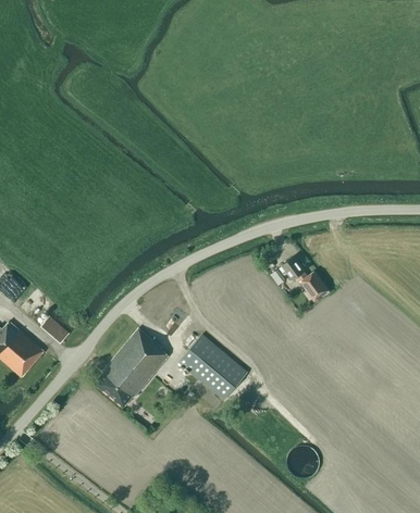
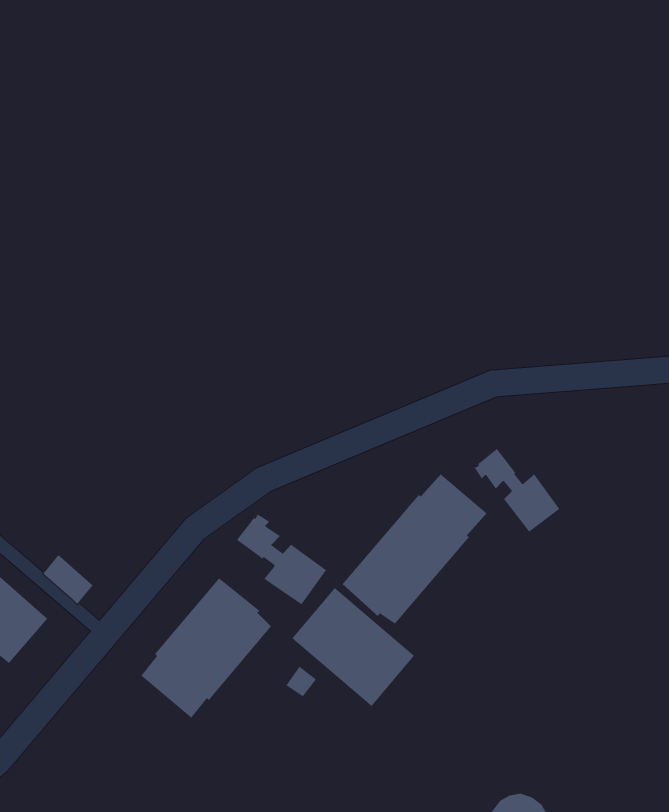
building: none -> [342,473,487,624]
building: none -> [236,514,327,605]

